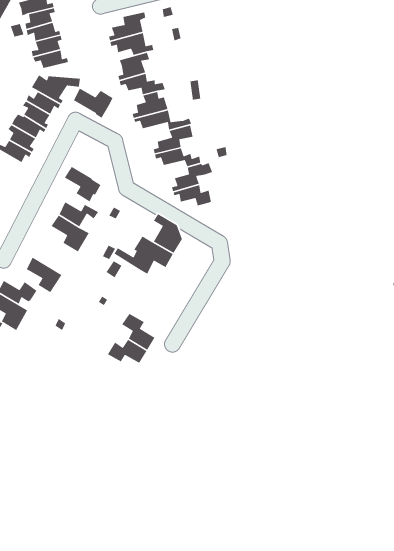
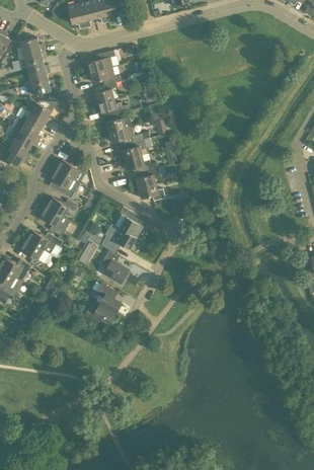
building: [73,87,113,119] -> [57,159,88,183]
building: none -> [26,230,63,253]
building: none -> [101,249,129,283]

